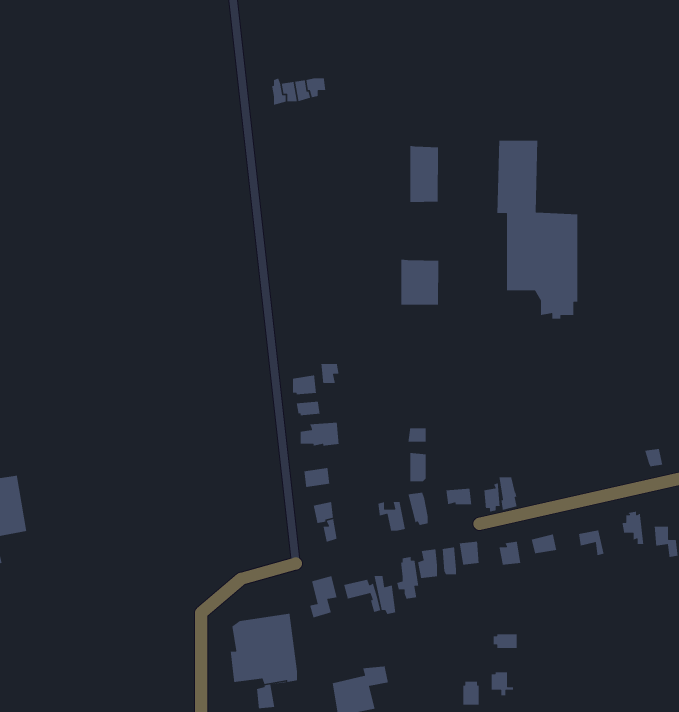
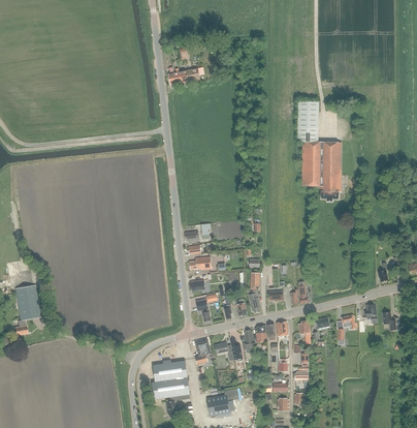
building: [409,145,439,203] -> none
building: [400,259,439,305] -> none

